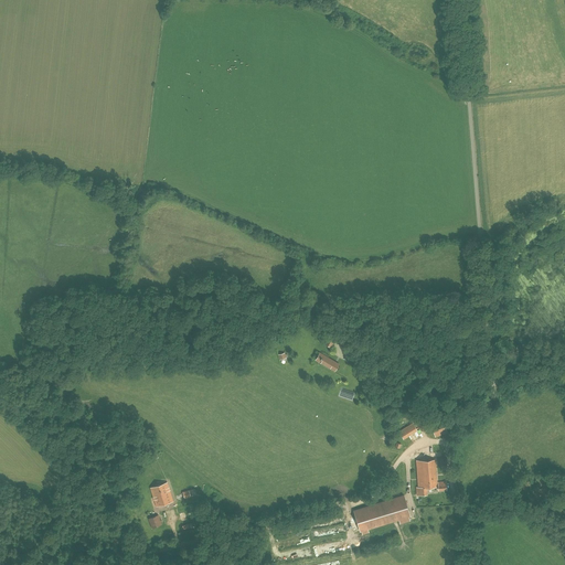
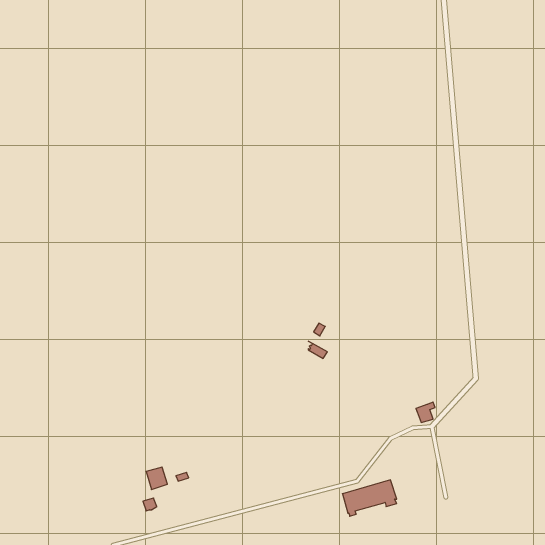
building: [417,459,437,495] -> none

